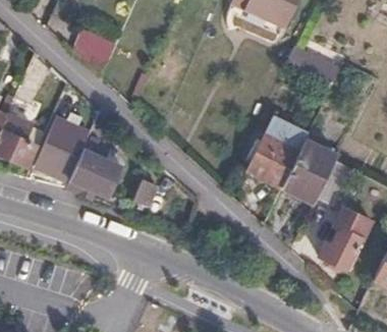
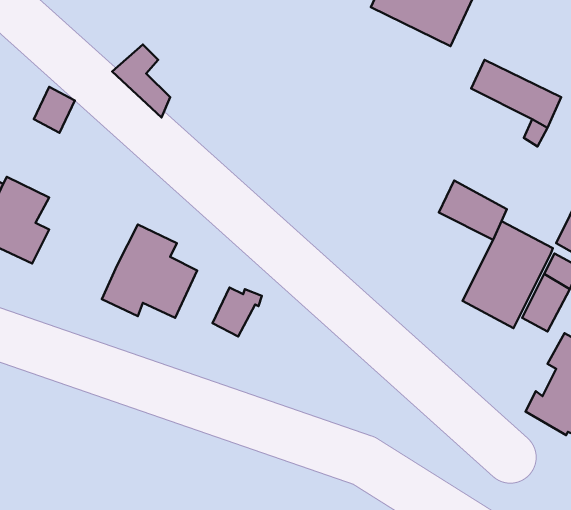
building: [35,108,90,177] -> none
building: [247,133,299,186] -> none

